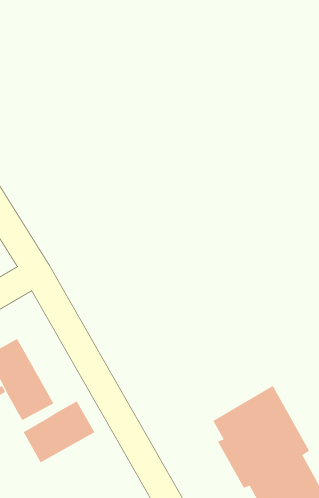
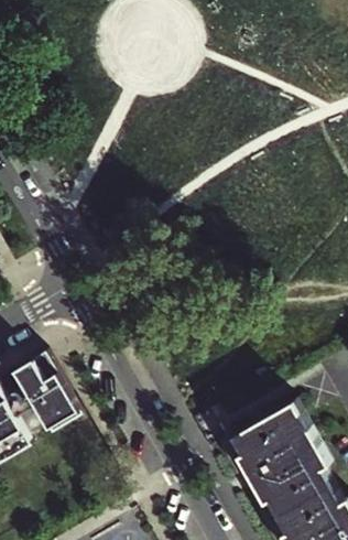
building: [23,401,95,463] -> none

